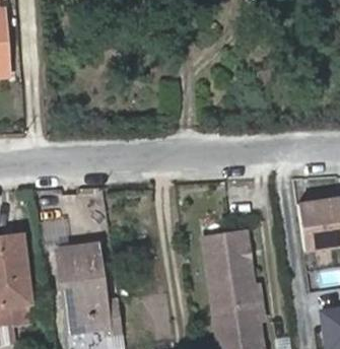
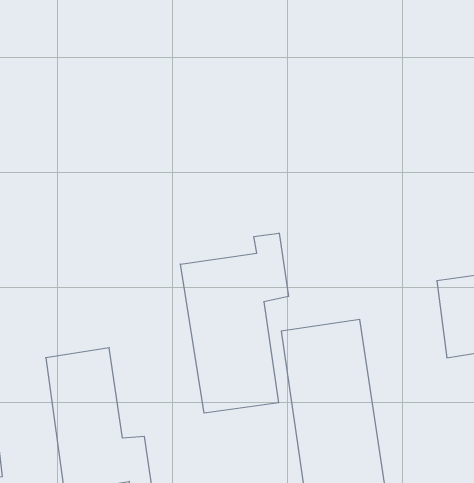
building: none -> [180,233,289,413]

